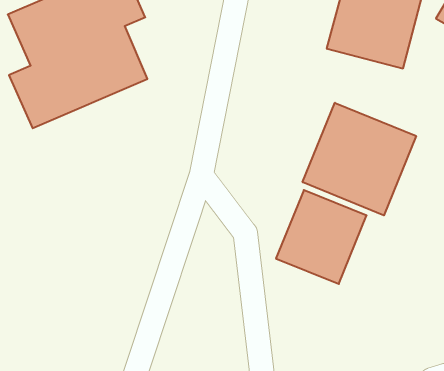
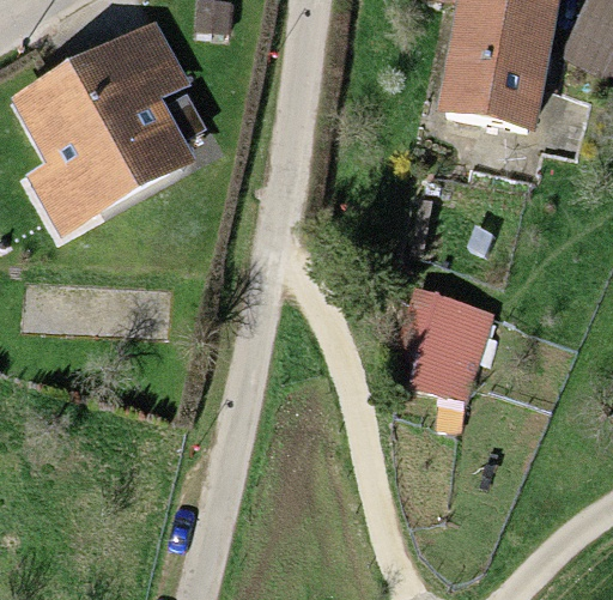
building: [303,103,416,215] -> none

